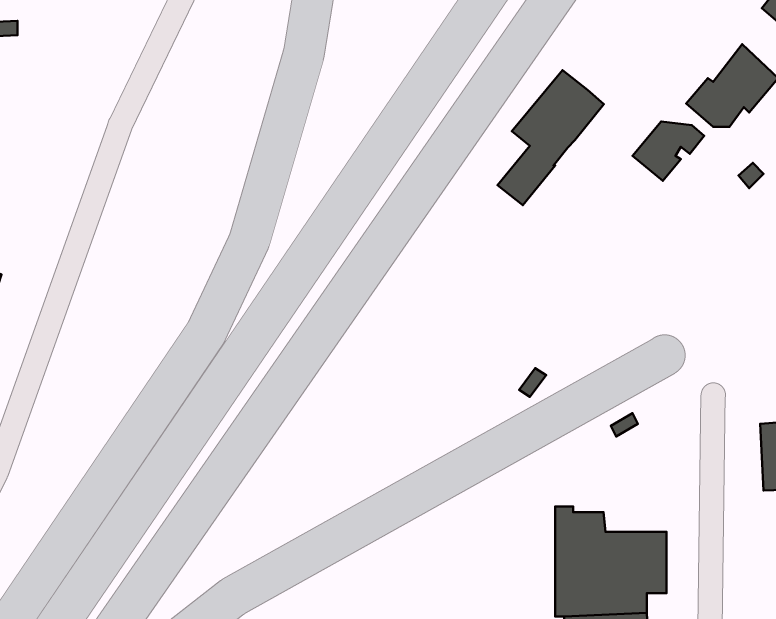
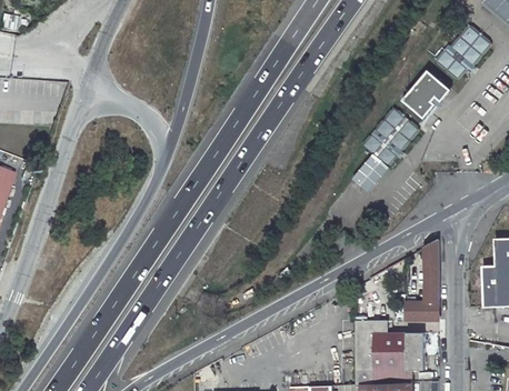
building: [498,70,604,205] -> [353,108,419,191]
building: none -> [407,239,439,319]

